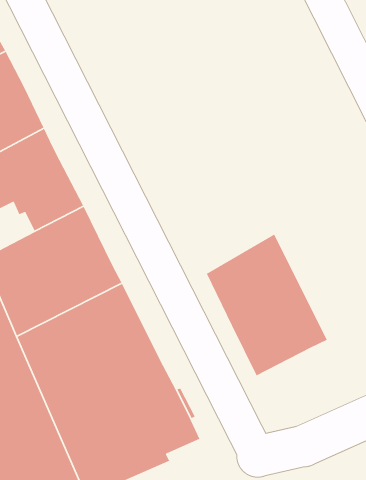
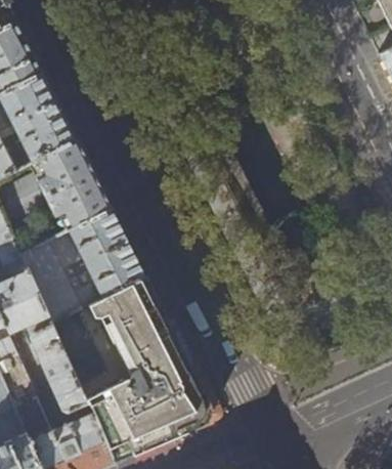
building: [206,233,328,377] -> none

